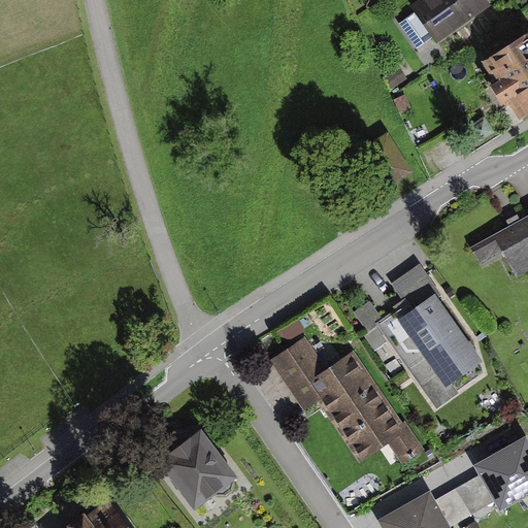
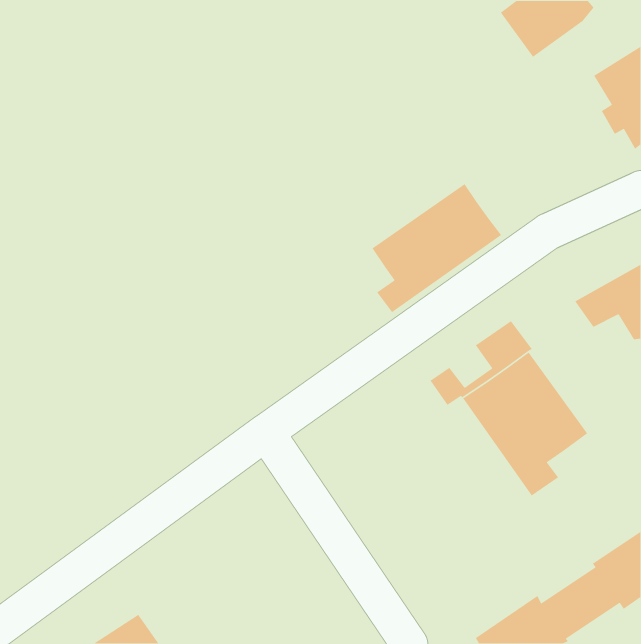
building: none -> [372,183,502,313]
building: [273,338,419,462] -> none
building: [164,435,234,507] -> none

